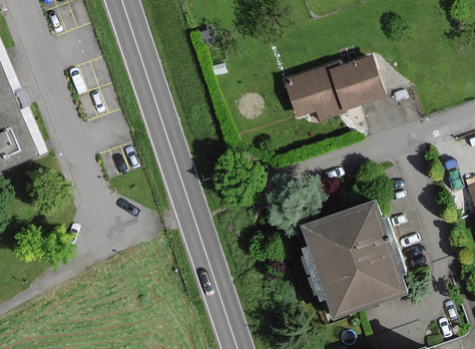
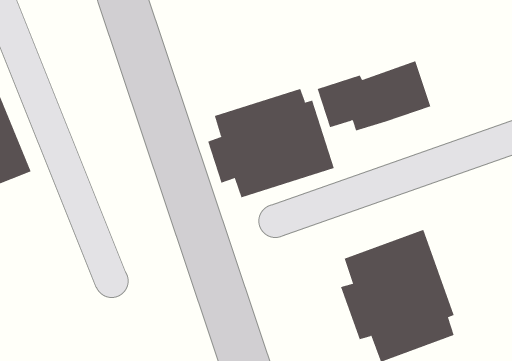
building: none -> [207,88,335,198]

